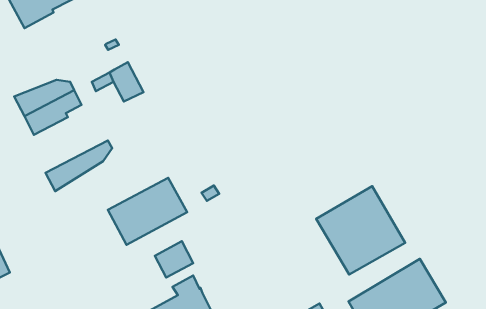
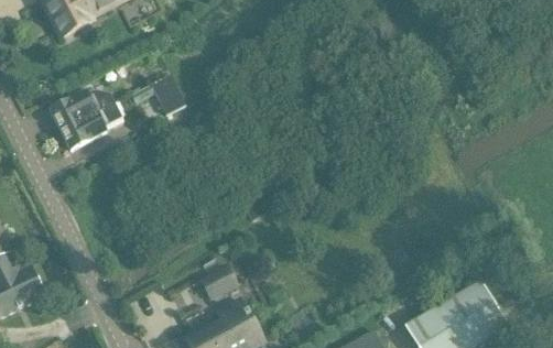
building: [46,141,112,191] -> none
building: [108,178,187,245] -> none
building: [316,186,405,275] -> none

